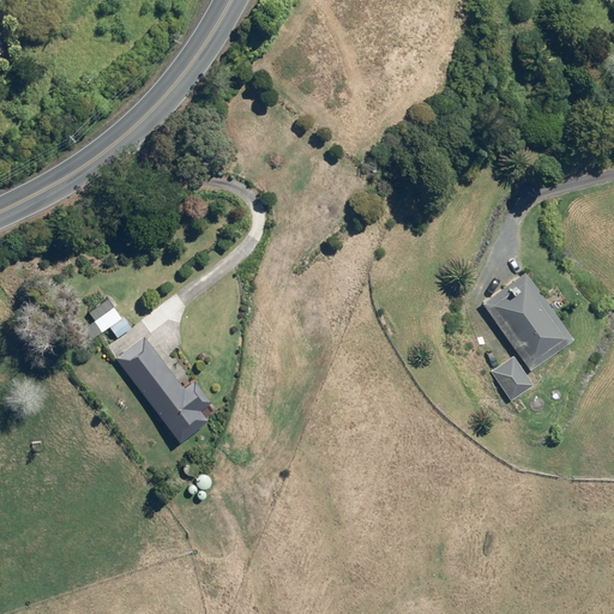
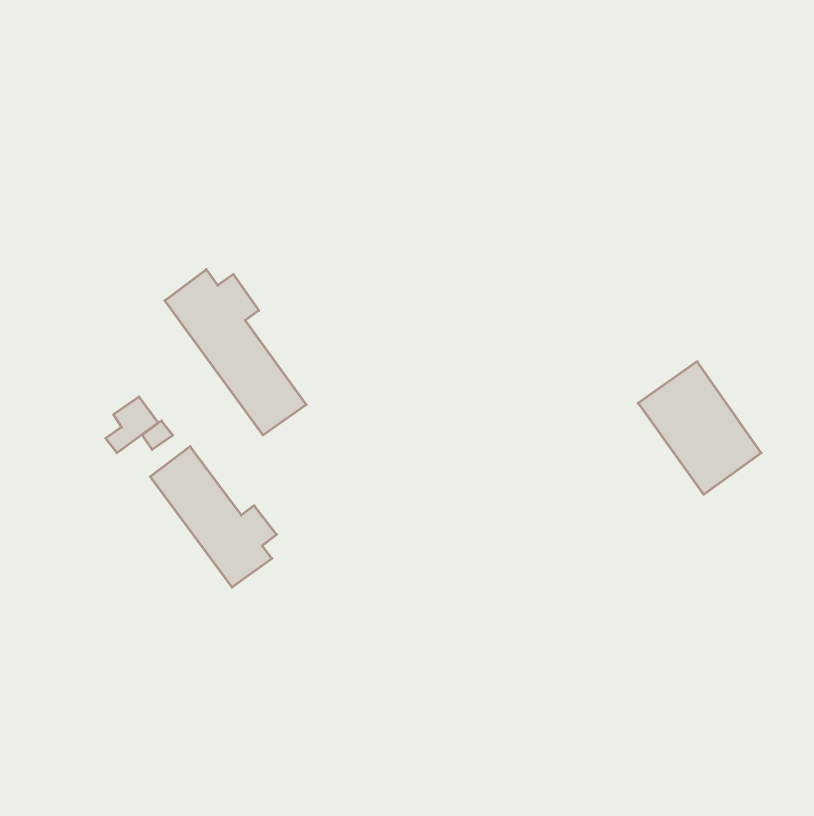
building: none -> [165,269,306,435]
building: [490,355,534,401] -> none

